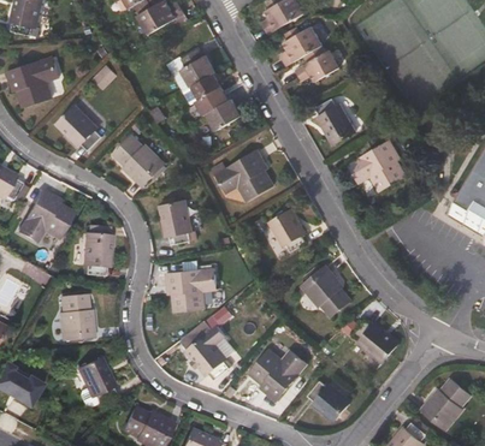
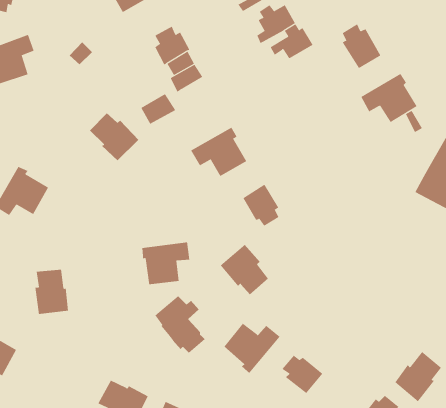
building: [207,99,243,130] -> [140,94,176,124]
building: [318,99,357,144] -> [342,24,381,69]
building: [58,106,101,149] -> none
building: [350,141,408,191] -> [360,73,417,123]
building: [160,200,193,244] -> none
building: [83,233,112,275] -> none
building: [302,264,351,316] -> [220,244,269,295]
building: [354,320,400,363] -> none
building: [77,357,116,408] -> none

